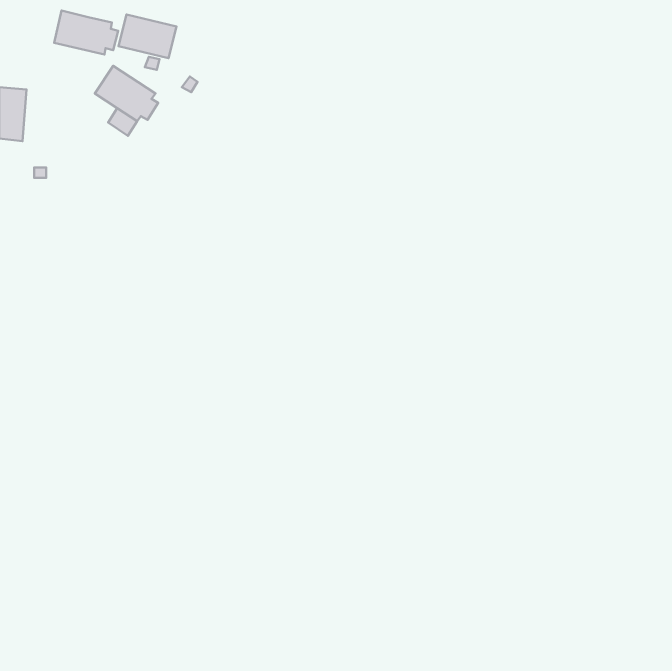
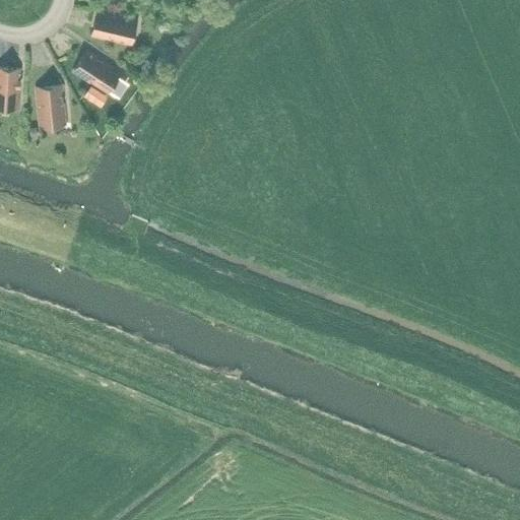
building: [54,11,118,55] -> none
building: none -> [36,87,65,129]

